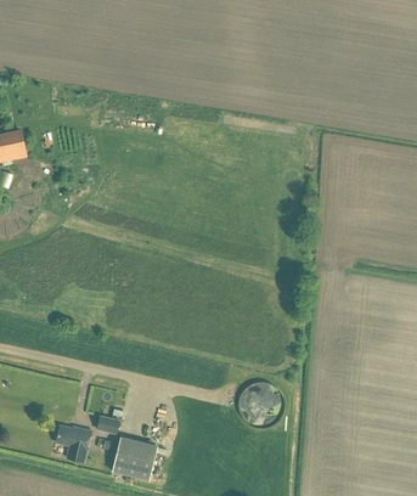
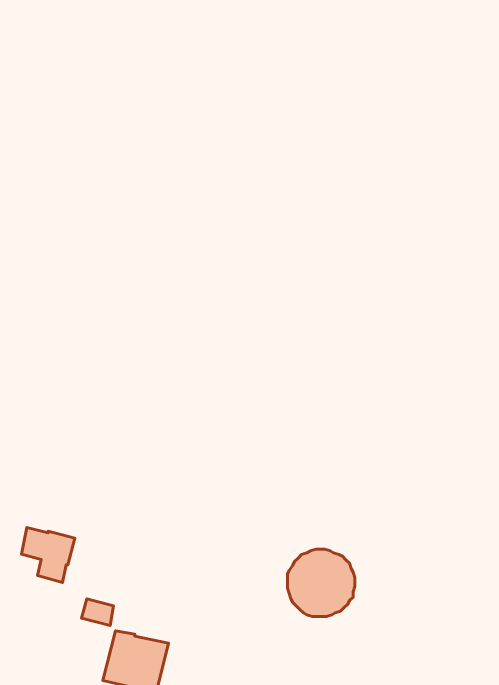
building: [55,424,91,462] -> [22,527,75,582]

